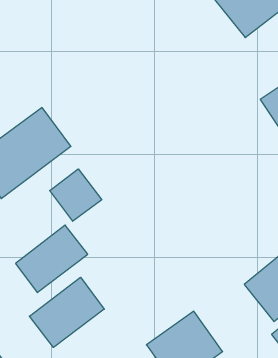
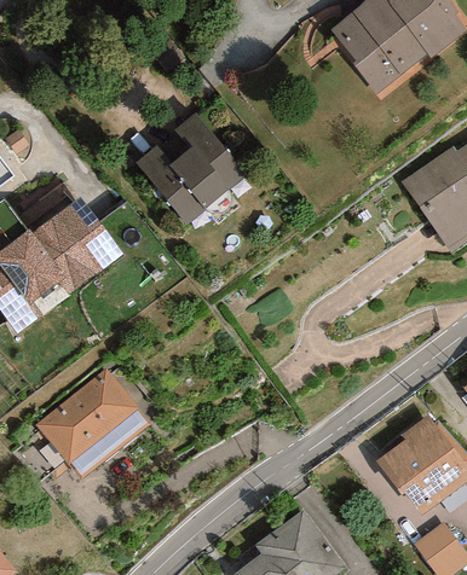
building: none -> [143,116,255,230]
building: [50,169,102,221] -> none
building: [29,277,104,347] -> none

